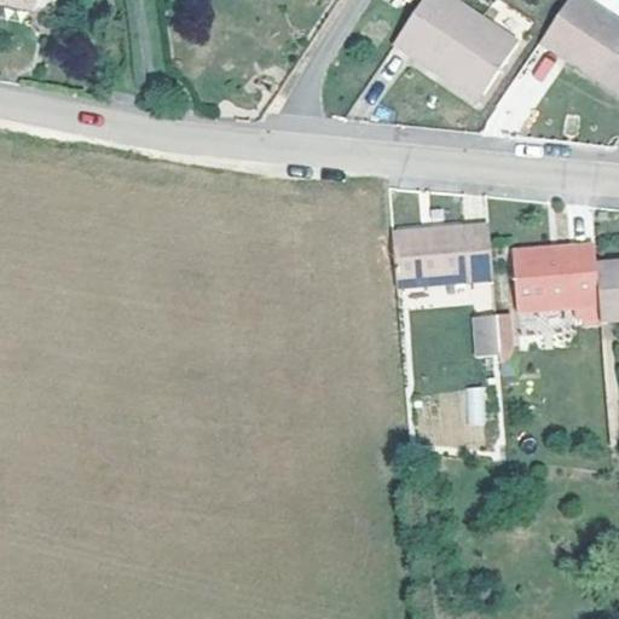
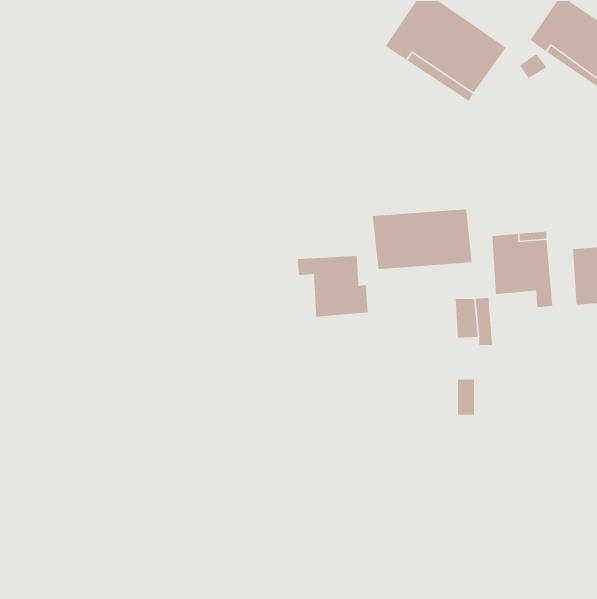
building: none -> [297,255,368,318]

